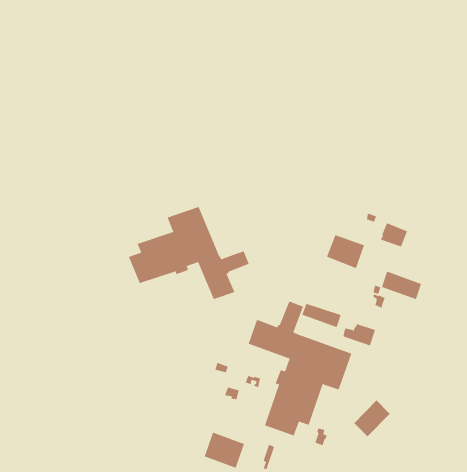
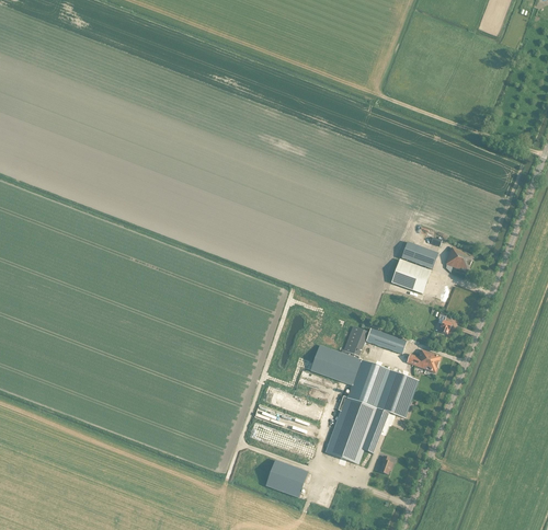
building: [128,206,250,300] -> none
building: [381,271,422,300] -> [396,240,437,269]
building: [353,400,390,437] -> none

